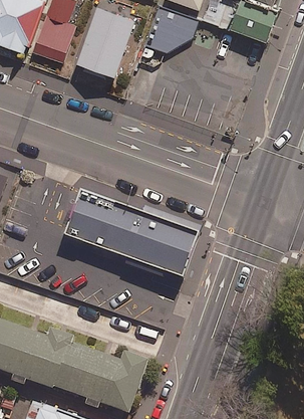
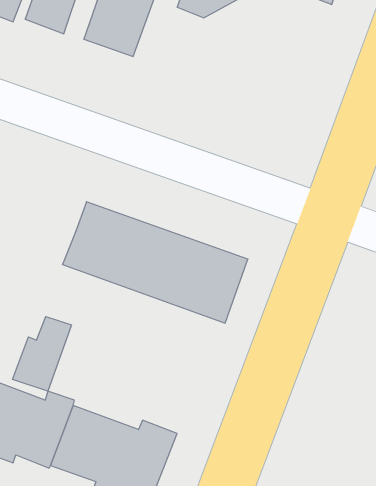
building: none -> [12,317,71,391]

